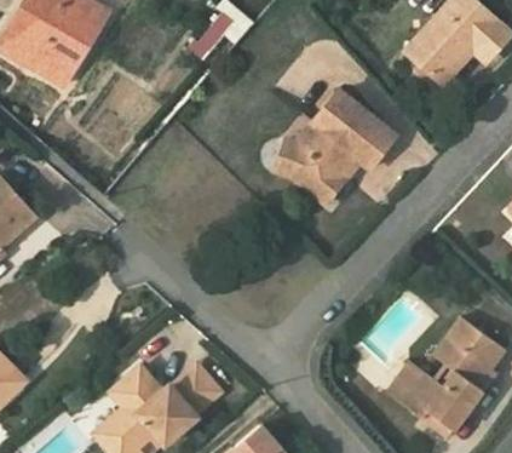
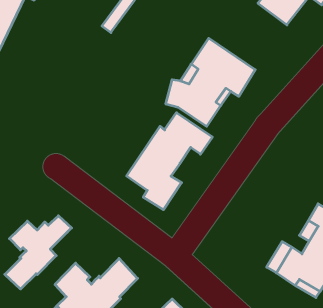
building: none -> [127,113,212,210]
building: none -> [5,216,72,289]

